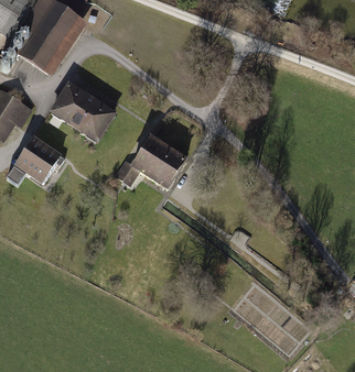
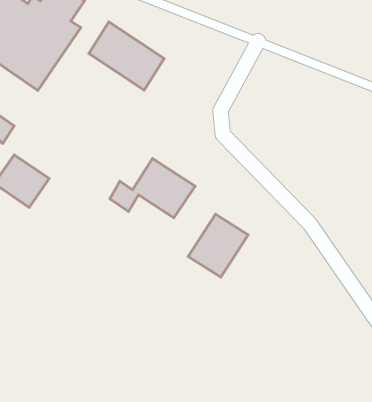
building: [51,85,117,144] -> [89,22,164,90]
building: none -> [188,214,248,277]

